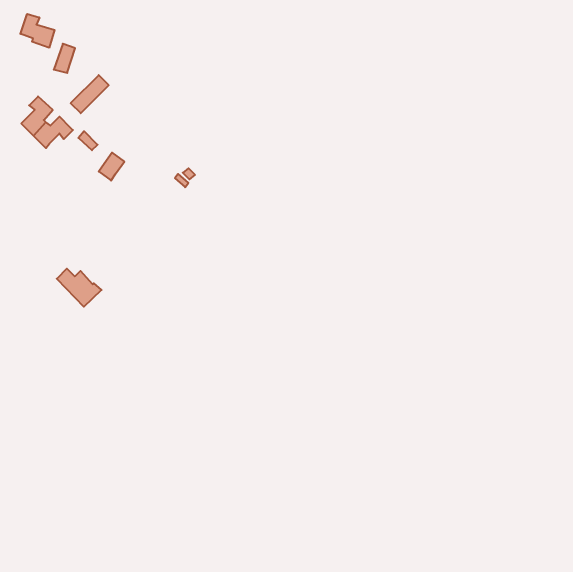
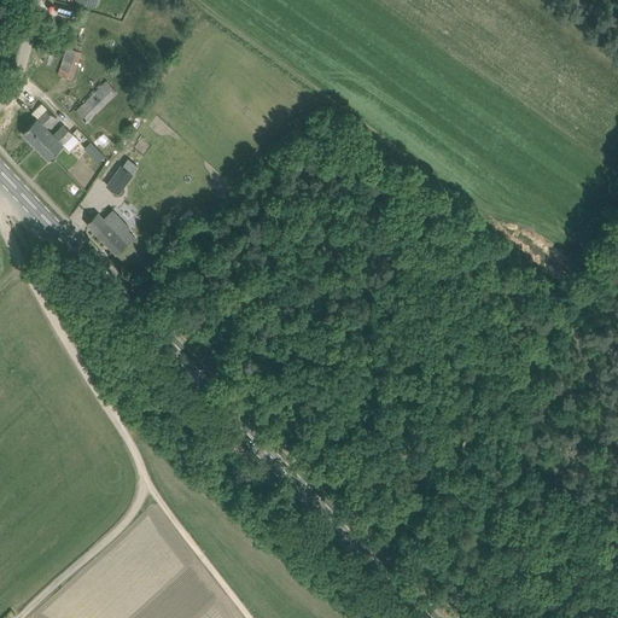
building: [20,14,55,48] -> none
building: [57,269,102,307] -> [87,214,135,255]

